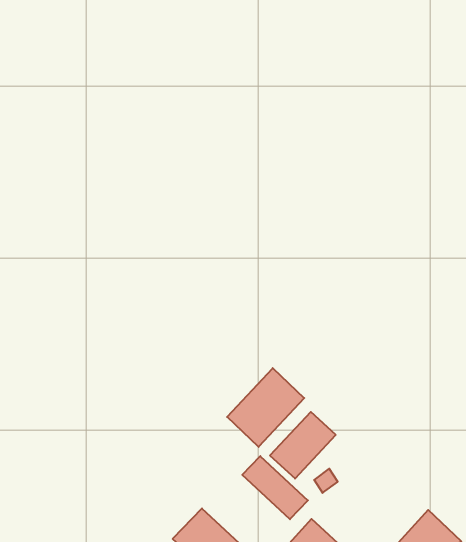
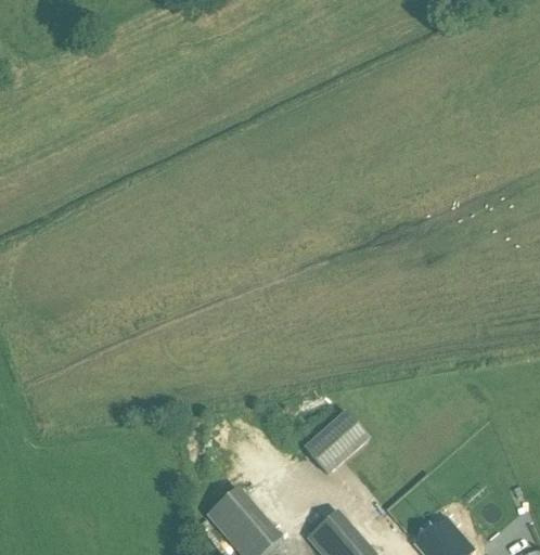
building: [227,368,304,447] -> none
building: [242,456,308,519] -> none

